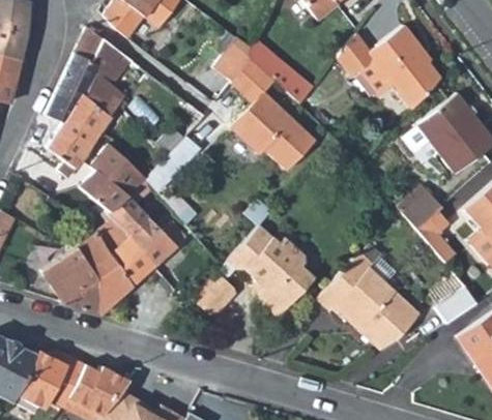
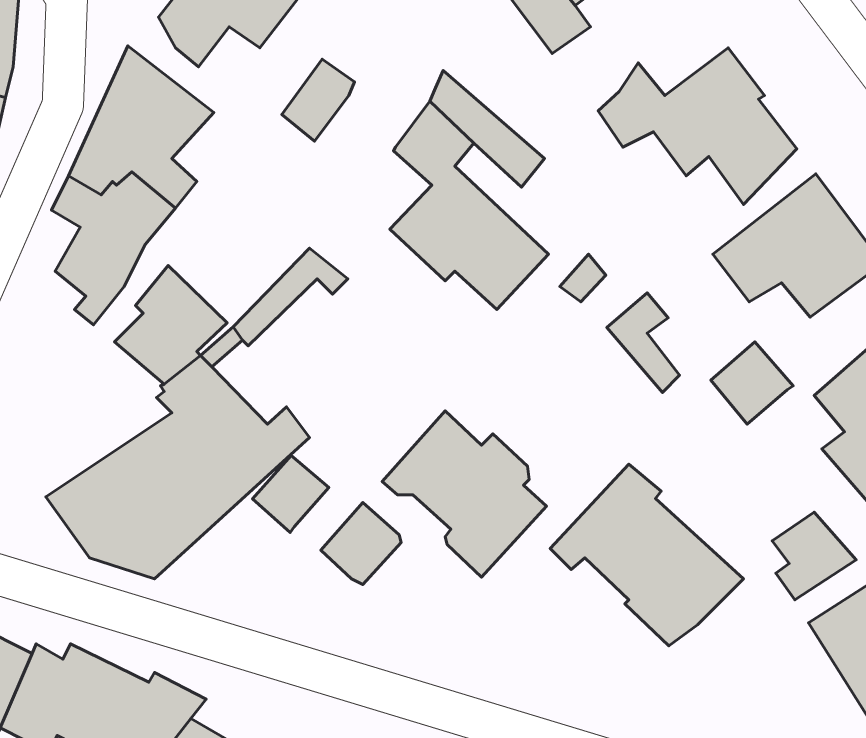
building: [214,36,254,81] -> [282,59,355,141]
building: [423,212,462,266] -> [607,293,680,392]
building: none -> [253,456,329,532]

